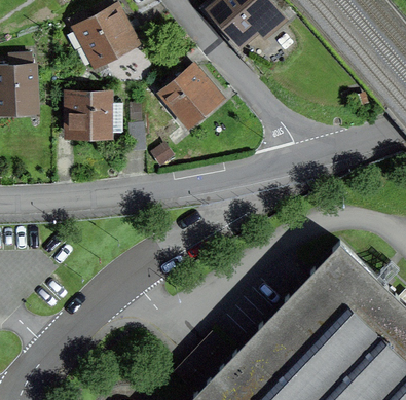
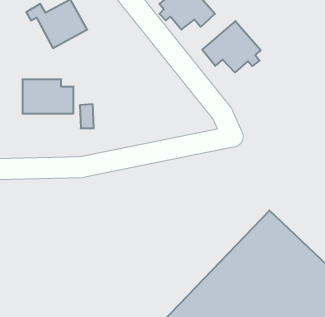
building: none -> [202,21,261,72]
building: [155,67,216,126] -> none

